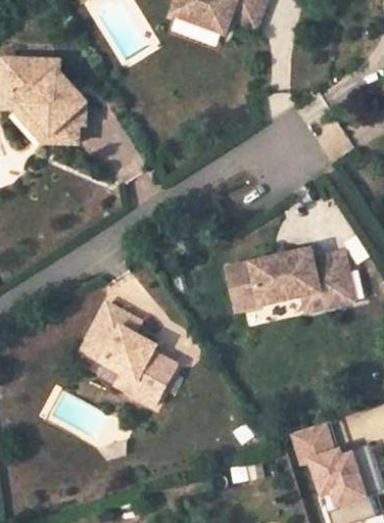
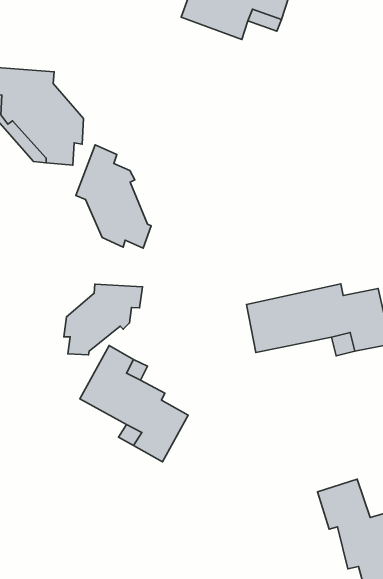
building: none -> [76,145,151,248]
building: none -> [64,284,142,355]

